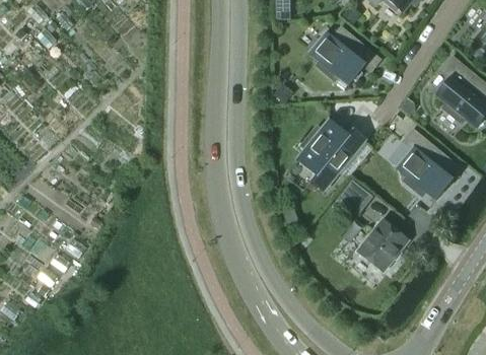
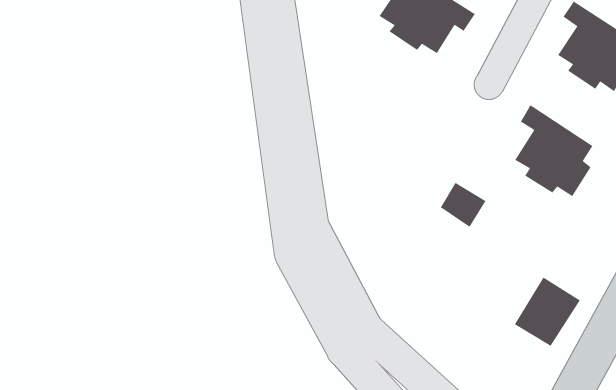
building: [296,119,364,189] -> none
building: [357,218,408,270] -> [514,277,581,347]

